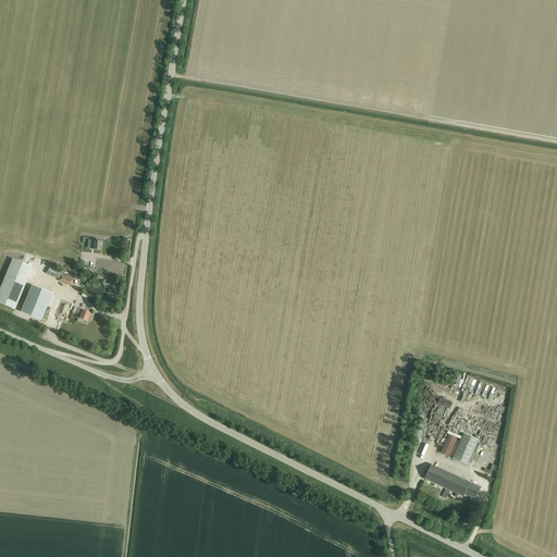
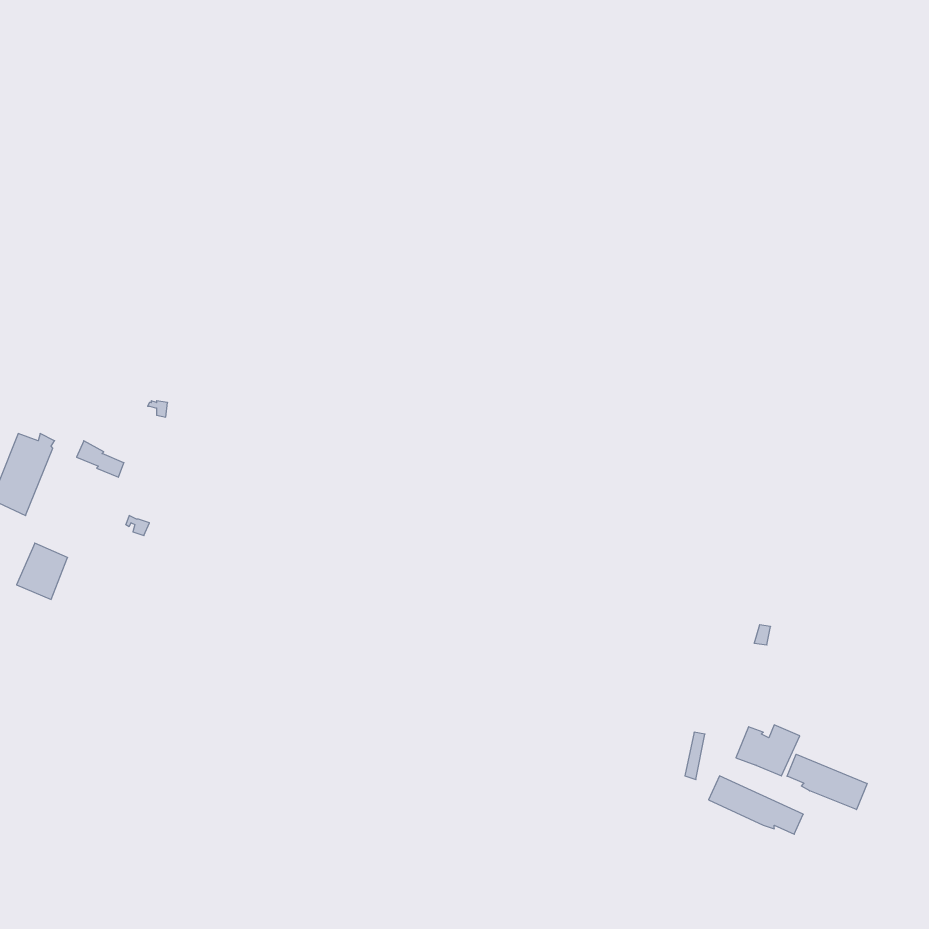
building: [21,285,51,319] -> [17,543,68,599]
building: none -> [787,754,867,810]

